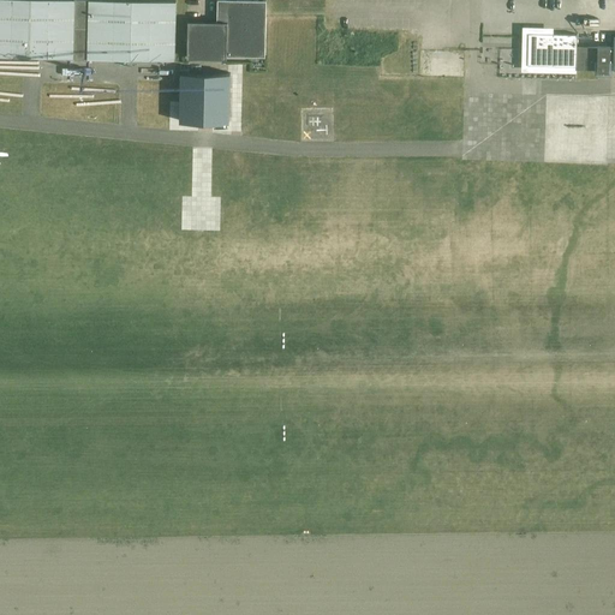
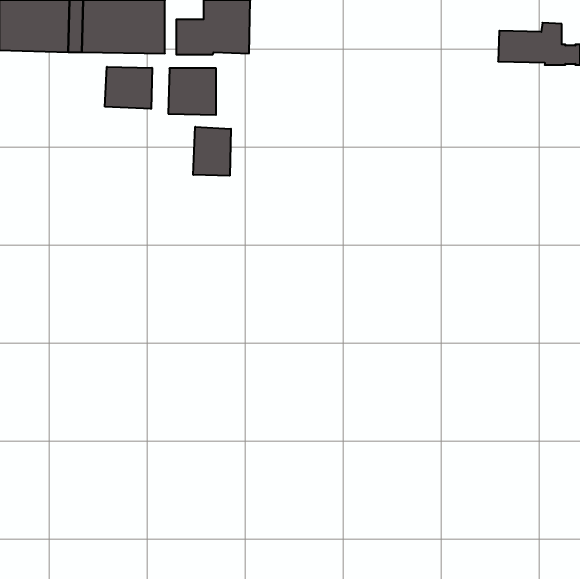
building: none -> [105,67,152,109]
building: none -> [193,127,231,176]

